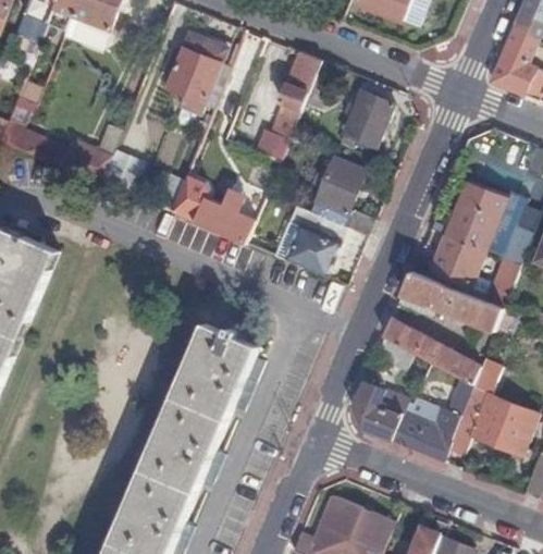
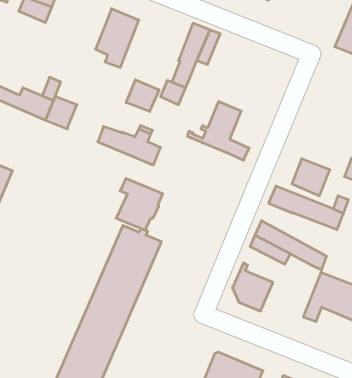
building: [338,89,393,147] -> none
building: none -> [126,80,159,112]
building: [446,182,505,249] -> none
building: [284,206,347,275] -> [116,179,163,230]
building: [391,379,473,460] -> none

